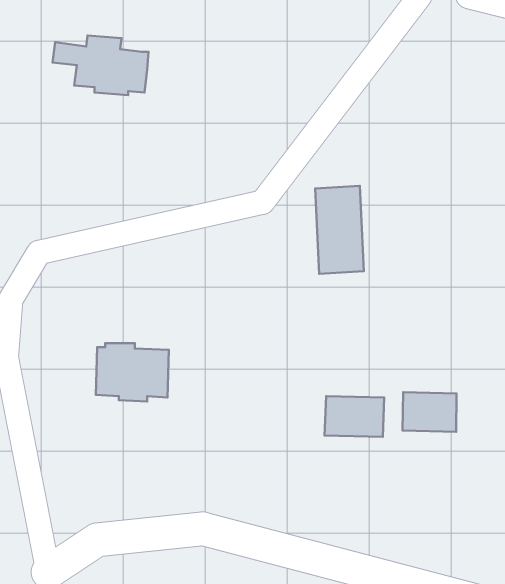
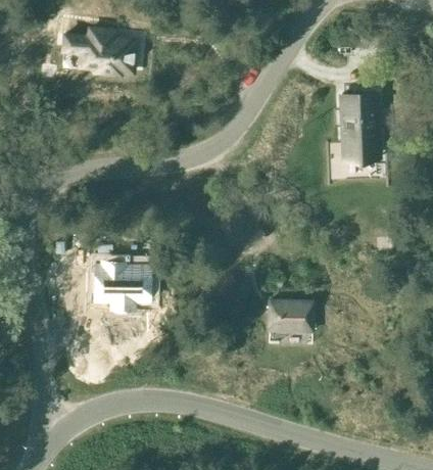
building: [315,186,364,274] -> [340,93,377,159]
building: [403,392,456,432] -> none

